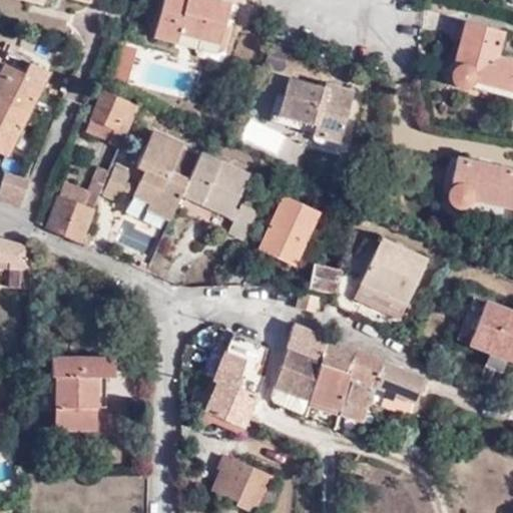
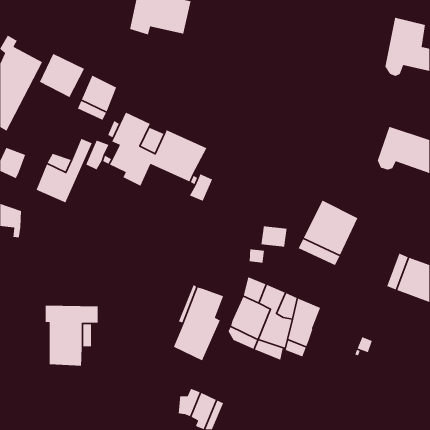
building: none -> [39,53,85,98]
building: [287,76,356,136] -> none
building: [256,196,319,267] -> none
building: [372,365,422,407] -> none

